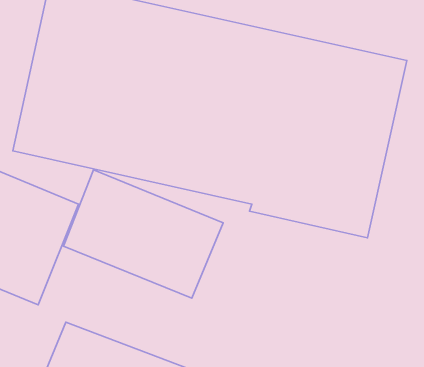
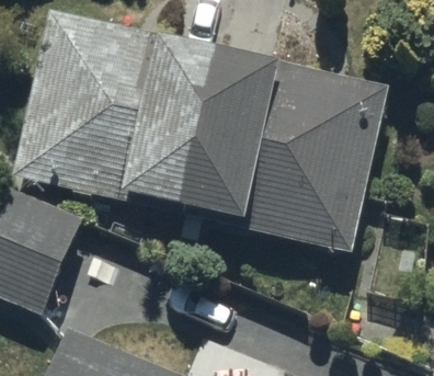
building: [63,170,223,298] -> none

